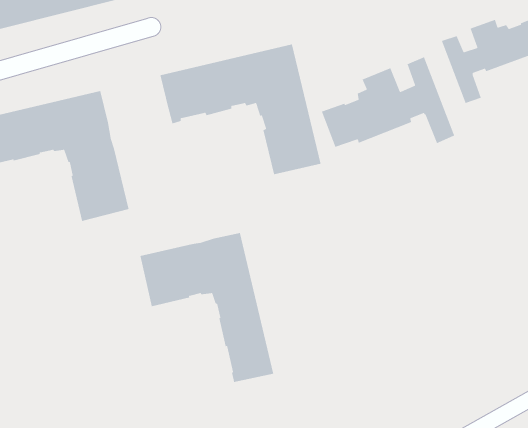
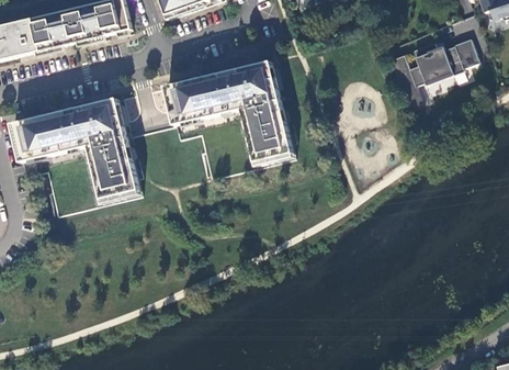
building: [321,56,456,148] -> none
building: [140,232,274,383] -> none

